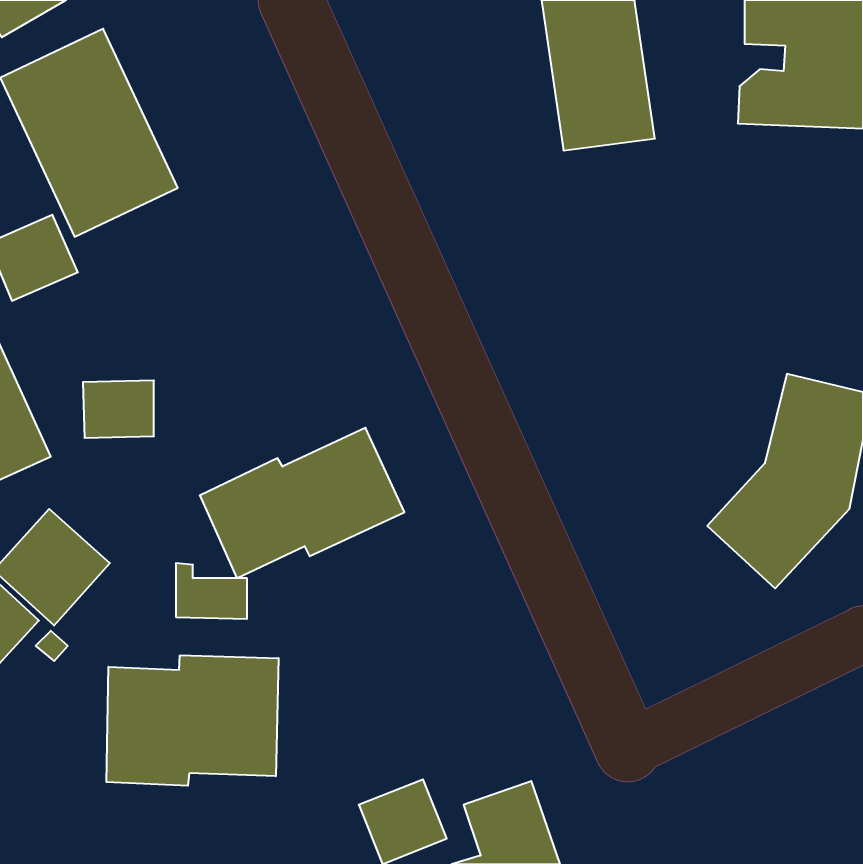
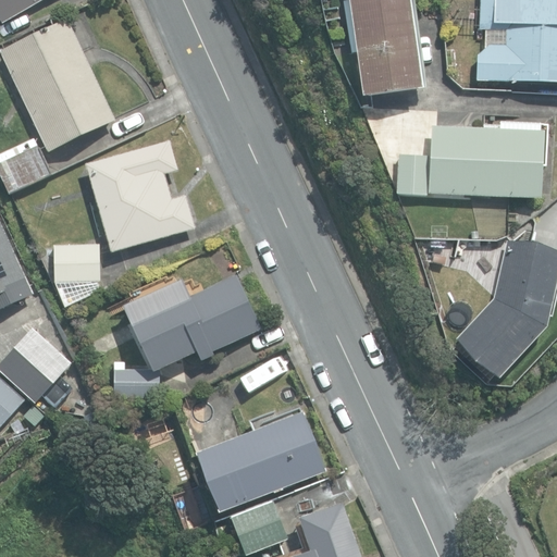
building: none -> [396,124,547,199]
building: none -> [86,140,195,251]
building: none -> [196,411,324,511]
building: [106,655,279,786] -> none

